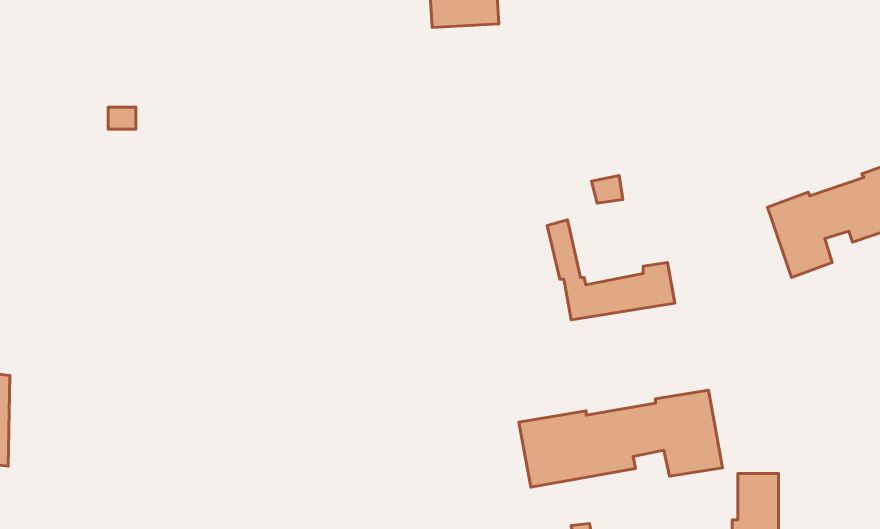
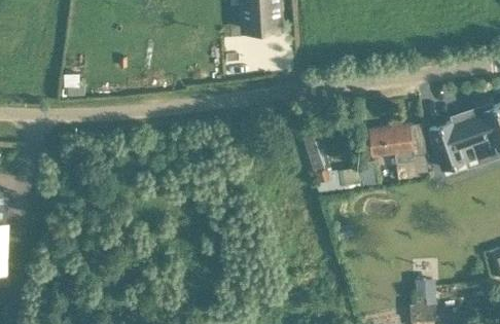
building: none -> [369,121,430,180]
building: [519,390,723,487] -> none

